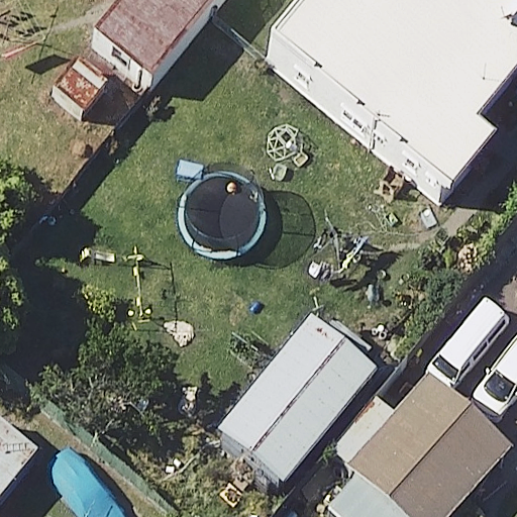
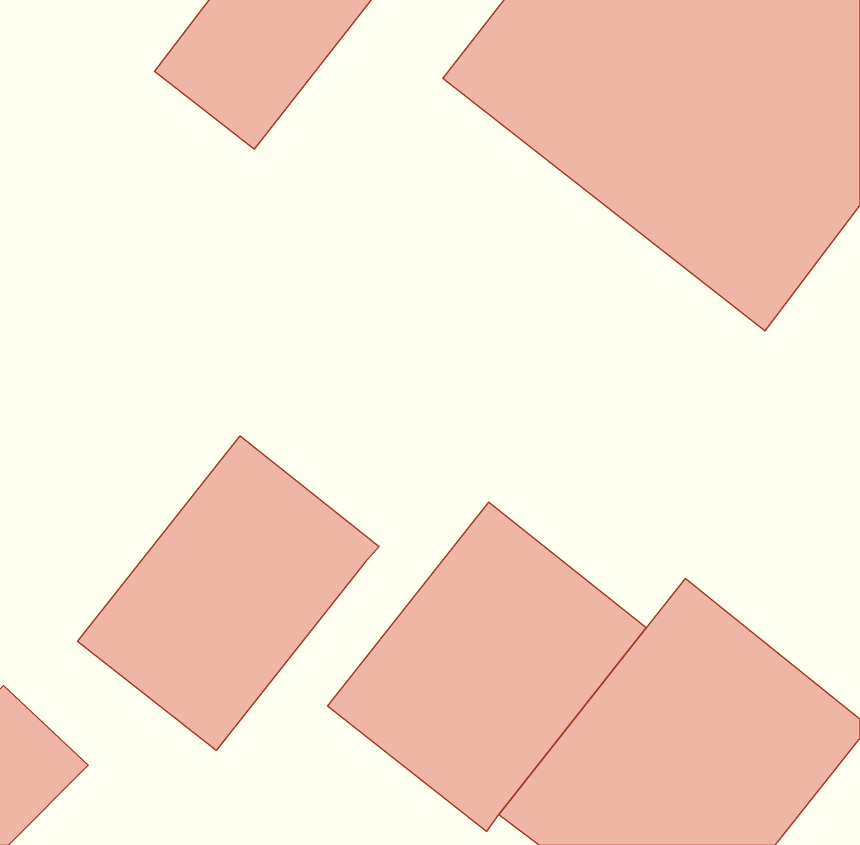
building: none -> [78,436,379,750]

